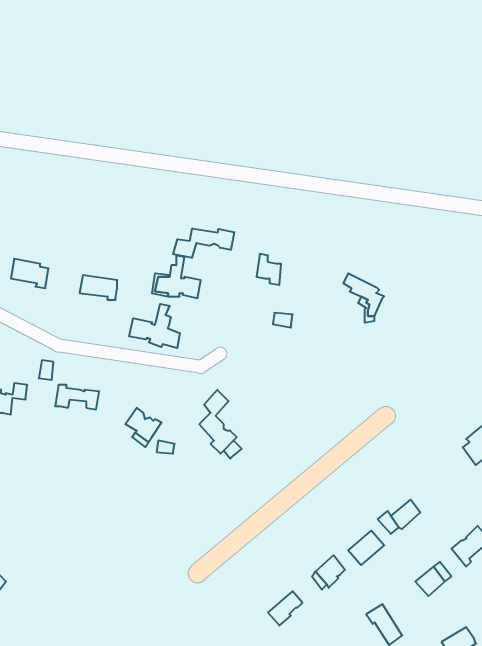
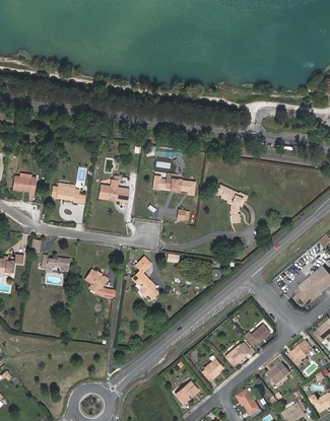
building: [173,228,234,258] -> none
building: [129,304,180,348] -> none

